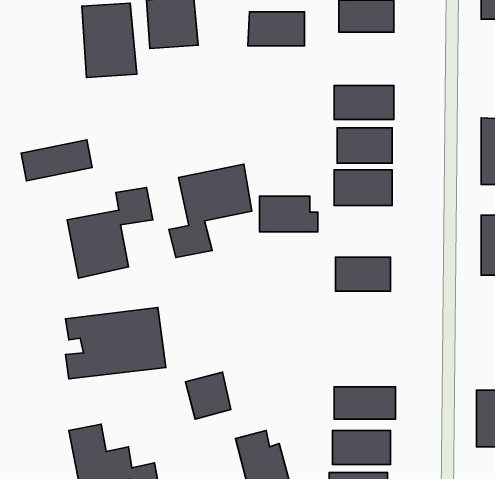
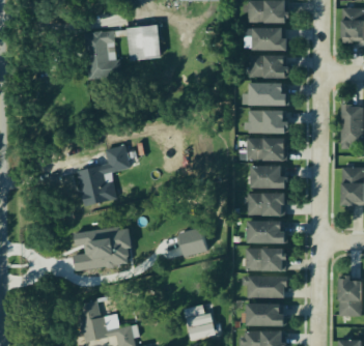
building: [248,12,304,46] -> [248,56,284,78]
building: [21,140,92,181] -> none
building: [169,164,252,258] -> none
building: [260,196,318,232] -> [249,166,286,189]
building: none -> [247,221,284,243]
building: none -> [246,249,283,270]
building: [185,372,231,419] -> [180,228,209,258]

